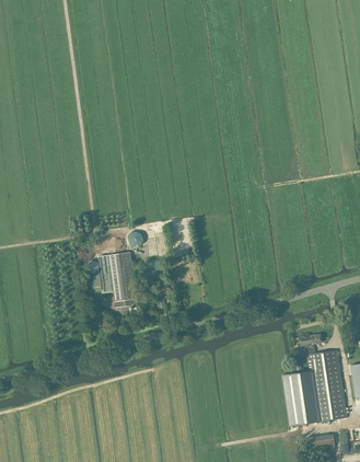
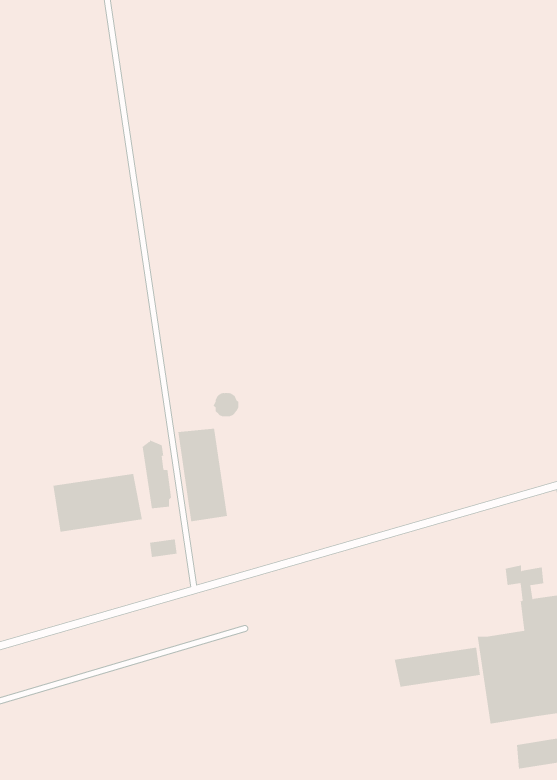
building: none -> [53,473,142,533]
building: none -> [394,647,481,687]

